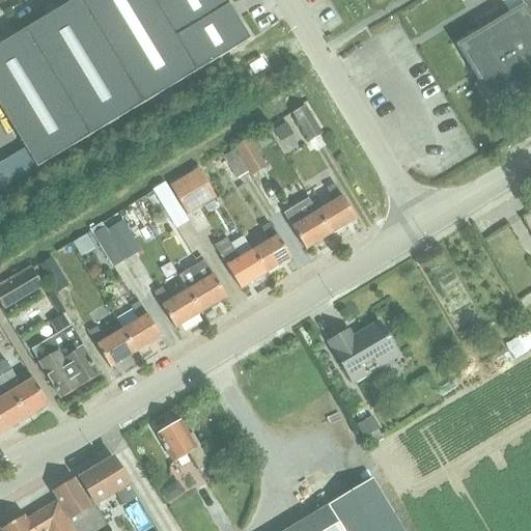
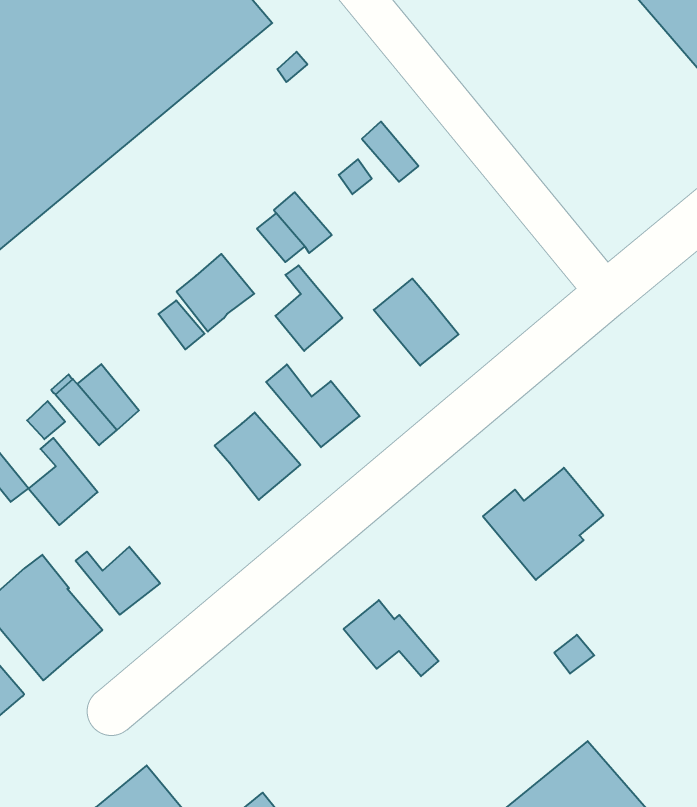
building: [316,181,356,233] -> none
building: [252,222,290,272] -> [275,265,342,351]
building: [153,286,200,327] -> none
building: [121,300,161,351] -> [29,438,98,525]
building: [158,421,209,469] -> [344,600,439,676]

